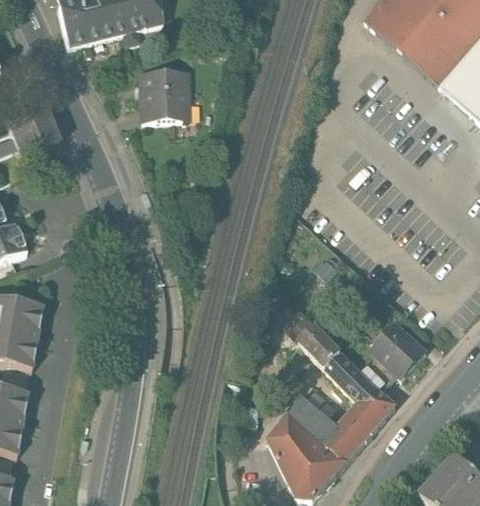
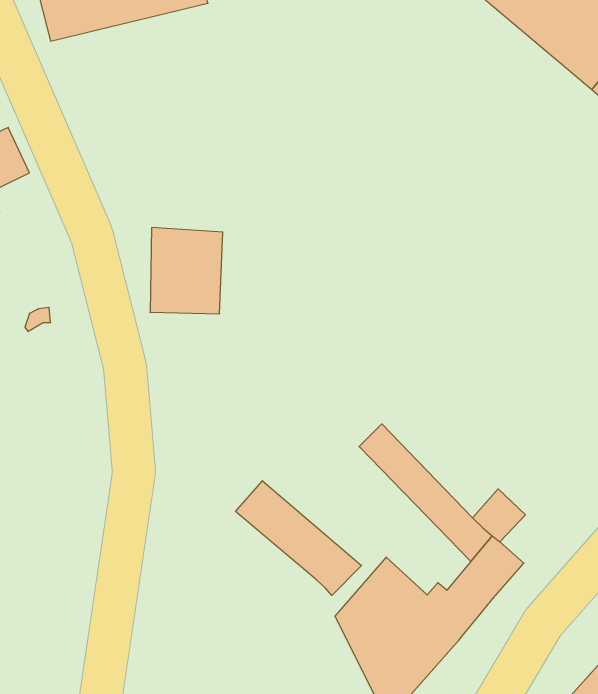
building: [139,72,188,129] -> [150,228,223,314]
building: [372,320,425,374] -> none
building: none -> [236,481,362,595]

